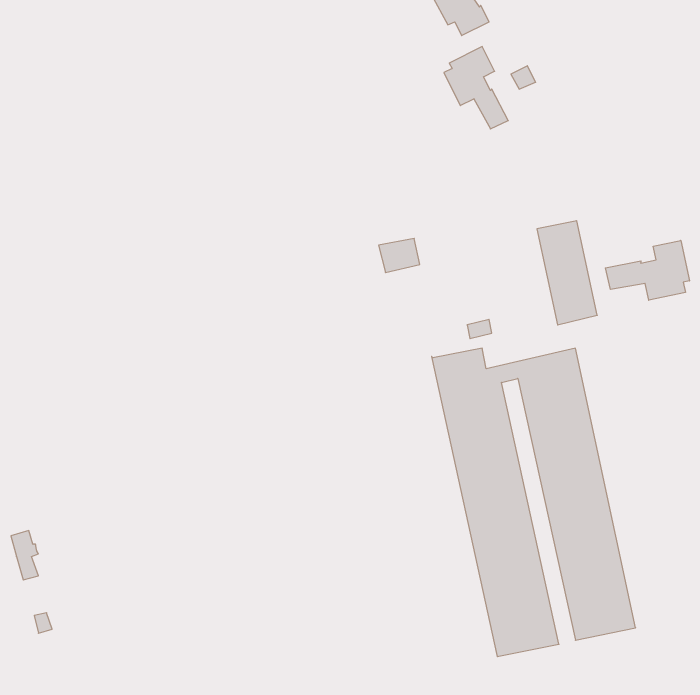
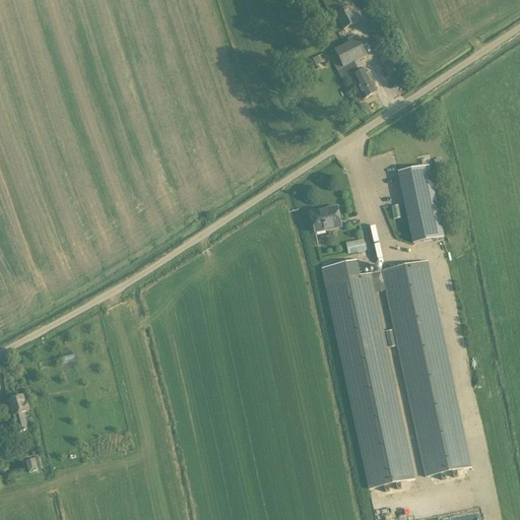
building: [379,238,420,273] -> [310,204,340,230]
building: [605,240,689,300] -> none

